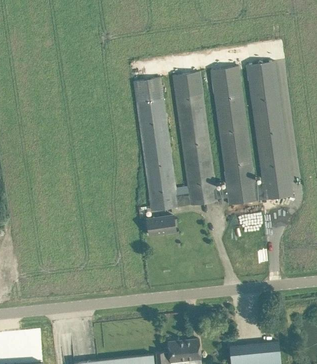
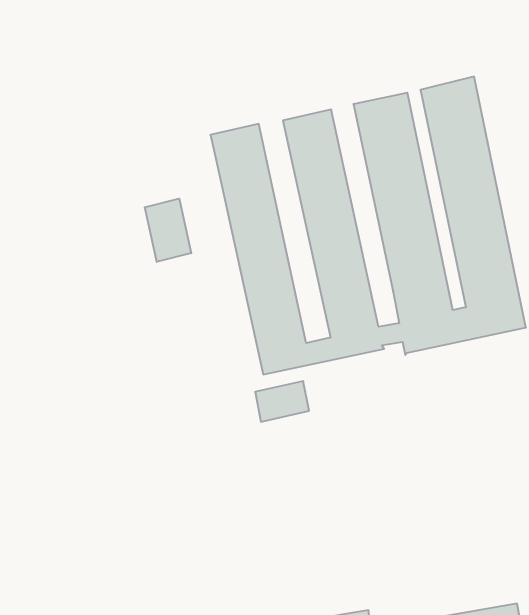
building: none -> [145,199,191,262]

